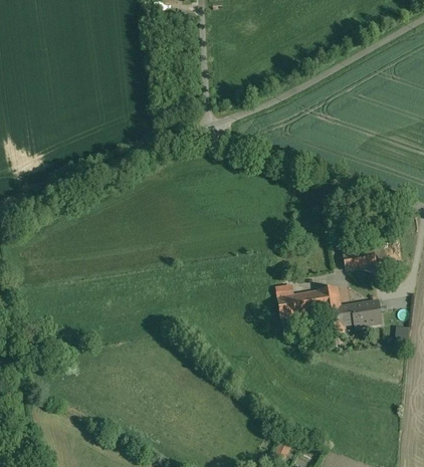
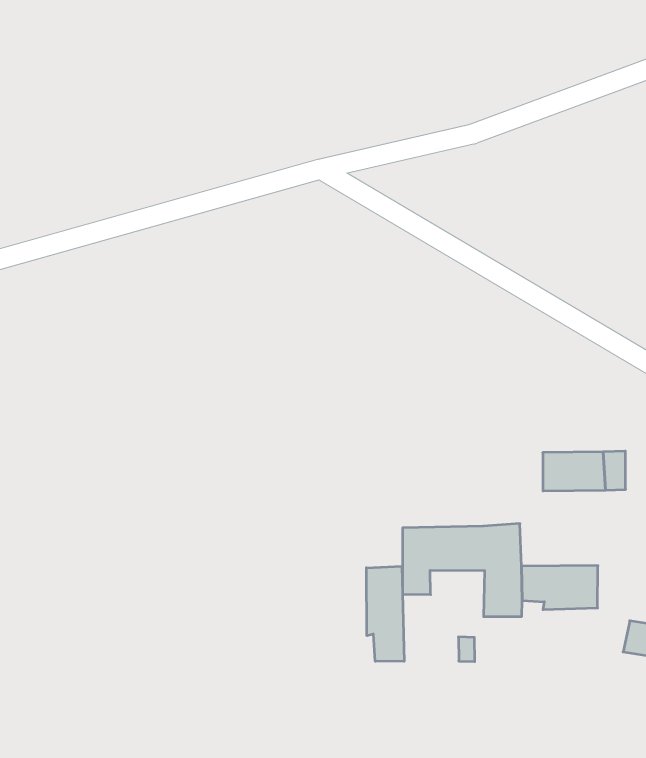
building: none -> [366,566,404,661]

